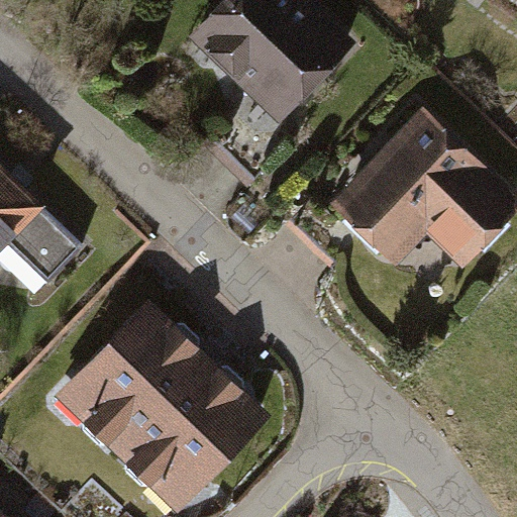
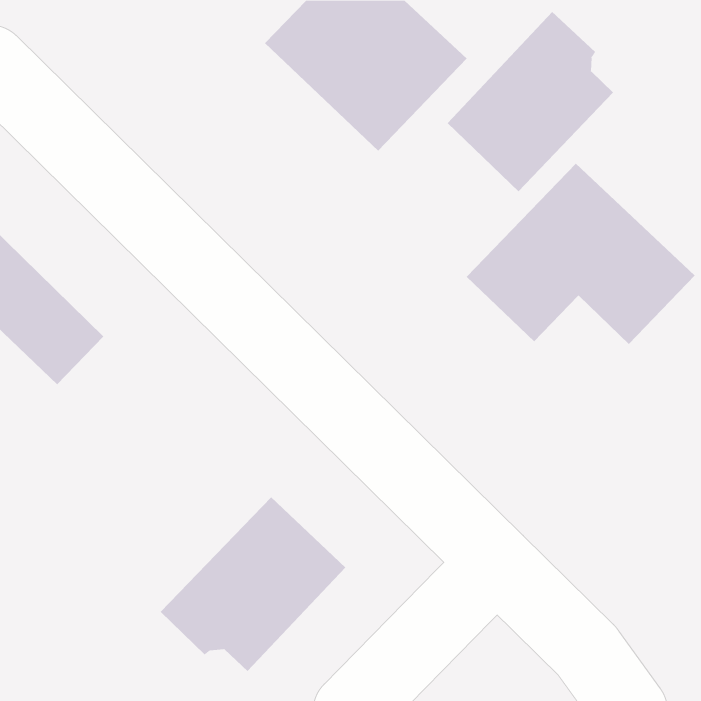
building: none -> [447,11,614,192]
building: [71,315,197,451] -> none

